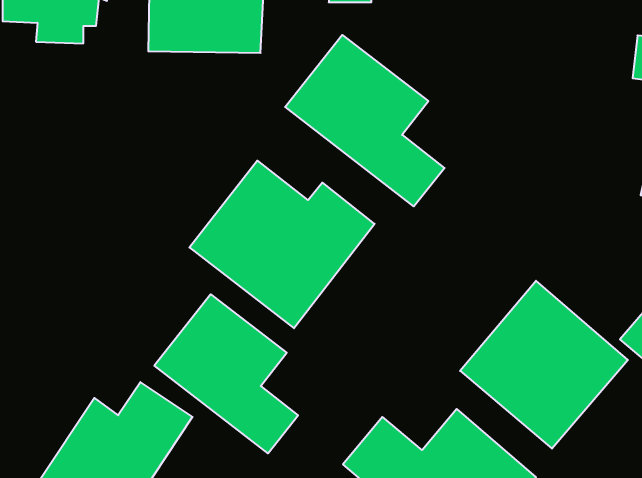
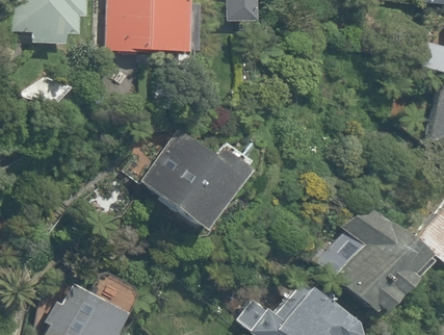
building: [285,35,445,206] -> none
building: [154,294,298,453] -> none

